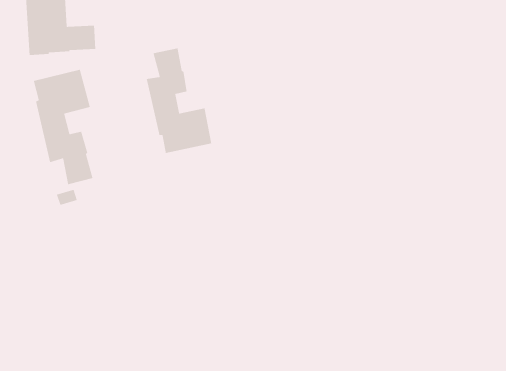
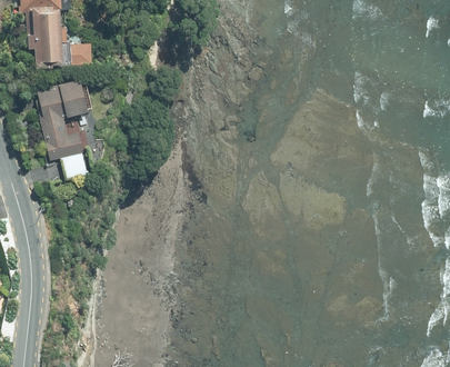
building: [146,48,212,154] -> none

